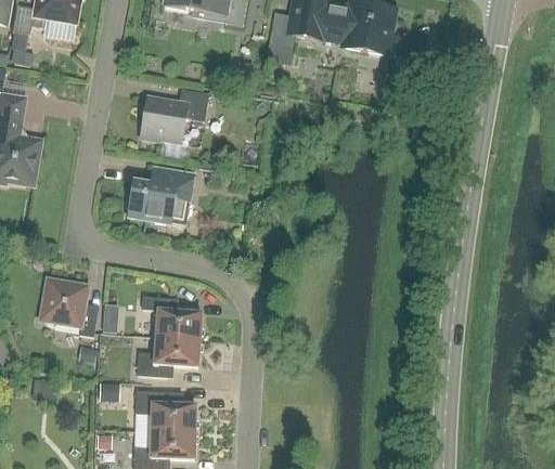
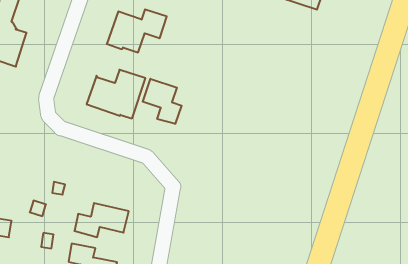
building: none -> [143,79,182,124]
building: [39,276,98,335] -> none
building: [141,296,201,339] -> none

